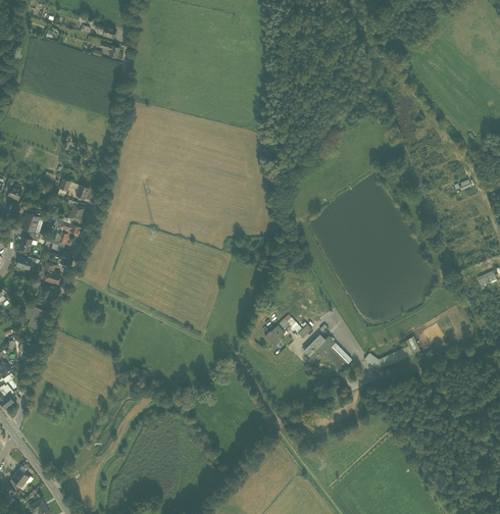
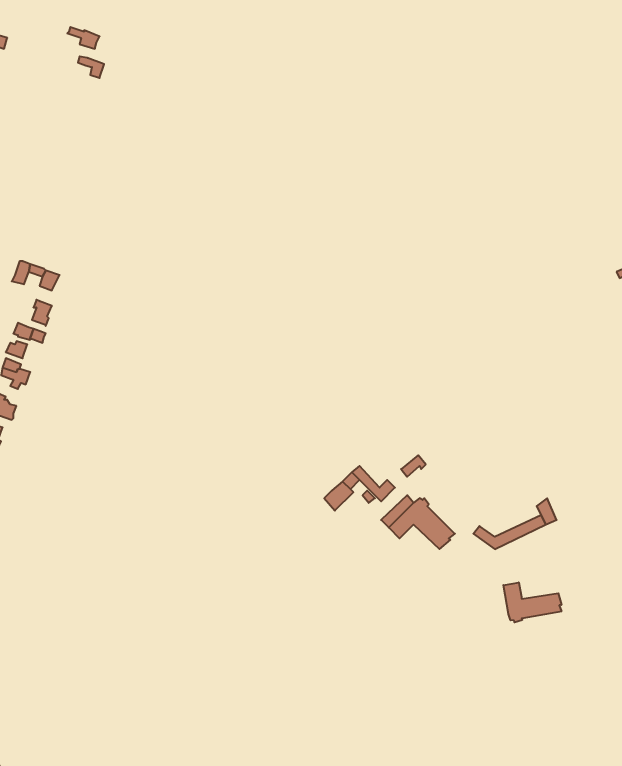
building: none -> [503,582,561,622]

